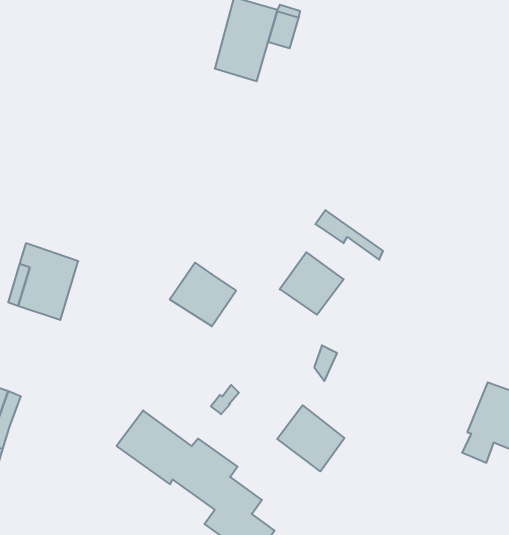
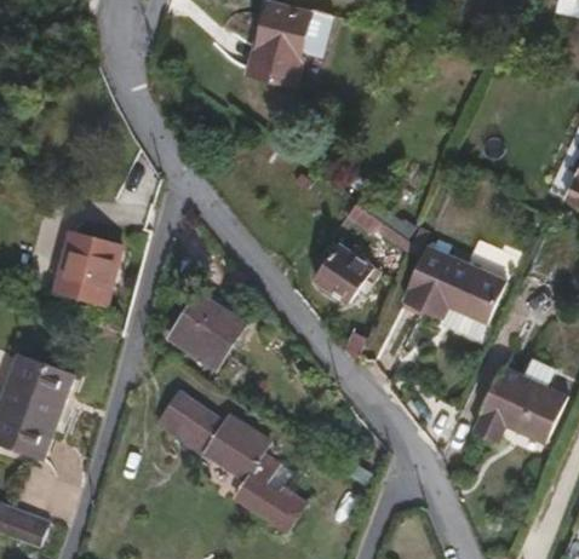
building: none -> [405,244,508,325]
building: [170,263,236,326] -> [182,300,245,361]
building: [277,405,344,471] -> none

